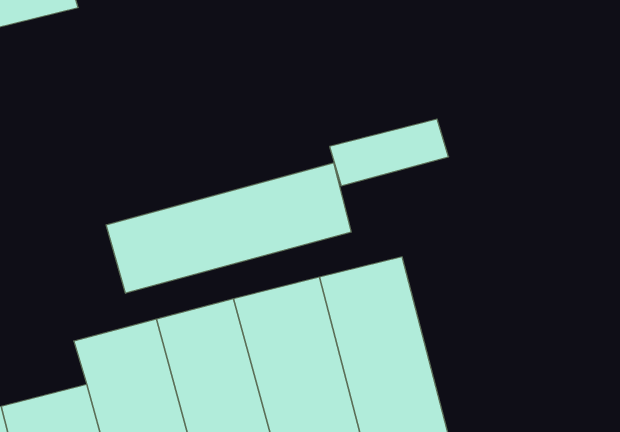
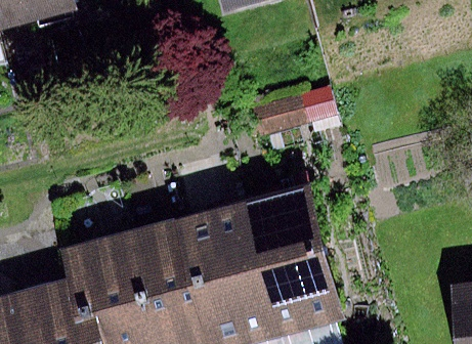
building: [106,163,351,293] -> none

